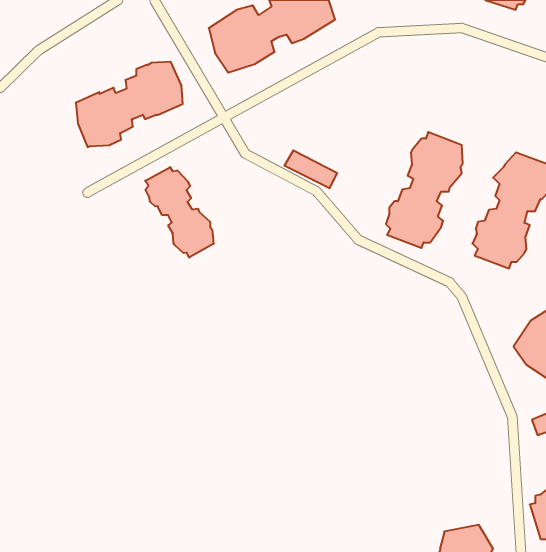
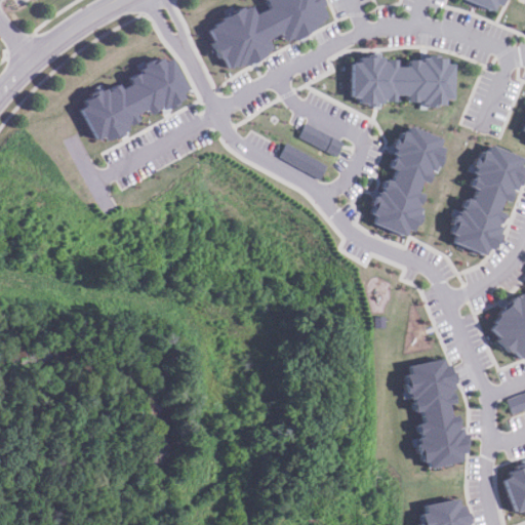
building: none -> [351,55,456,109]
building: none -> [296,123,344,157]
building: [145,167,214,258] -> none
building: none -> [404,358,469,468]

